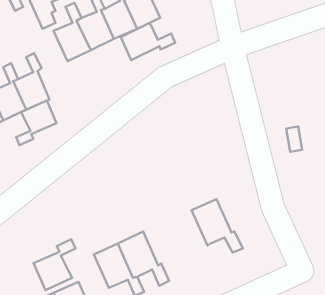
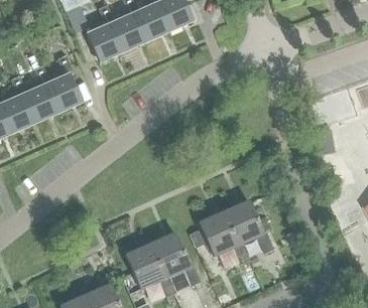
building: [121,23,175,60] -> none
building: [16,101,56,145] -> none
building: none -> [198,211,250,265]
building: [33,239,75,290] -> none

